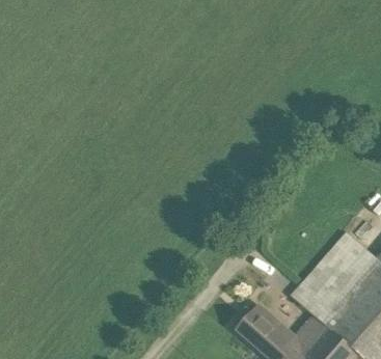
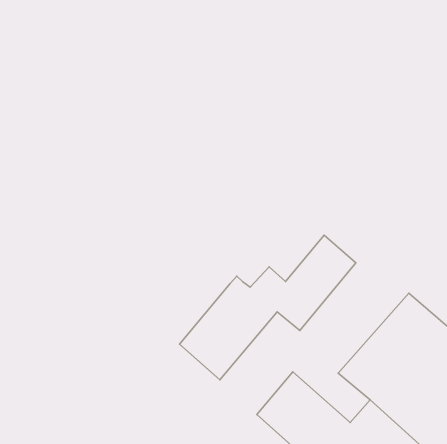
building: none -> [179,235,356,380]

